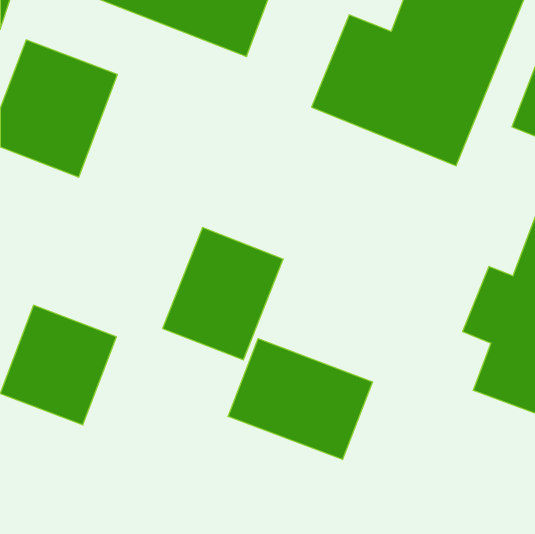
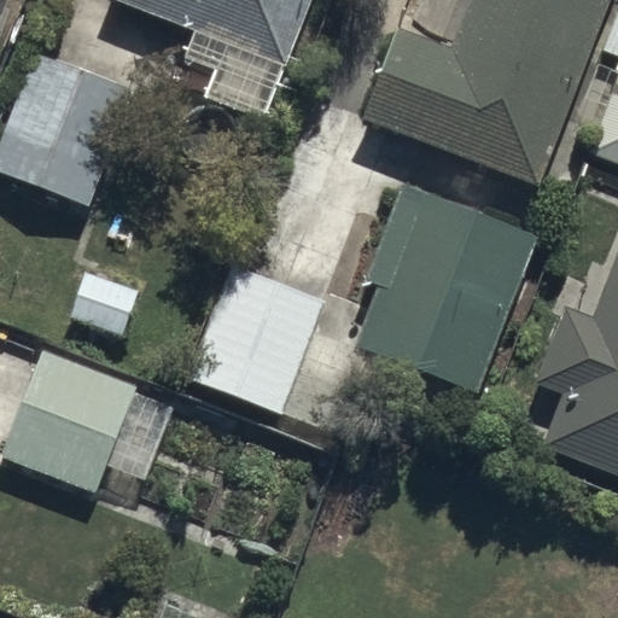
building: none -> [352,190,537,393]
building: [228,339,373,460] -> none

